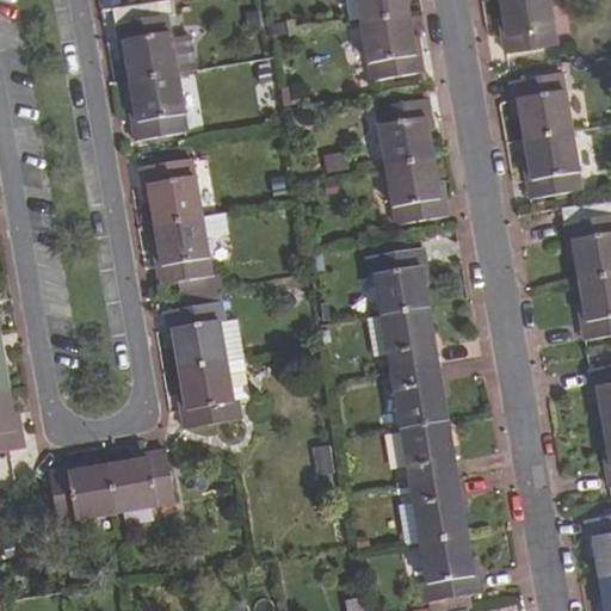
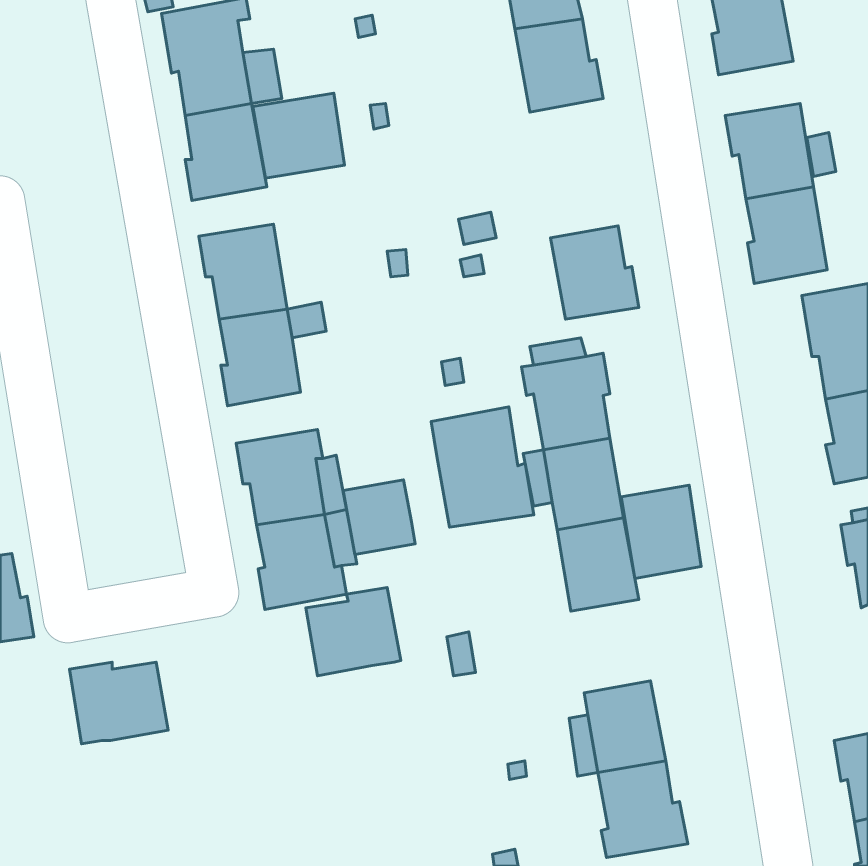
building: none -> [253,93,345,178]
building: [377,100,434,167] -> none
building: none -> [431,407,534,527]
building: none -> [343,480,415,555]
building: [401,421,457,487] -> [621,485,701,578]
building: [110,451,177,513] -> [306,588,401,676]

